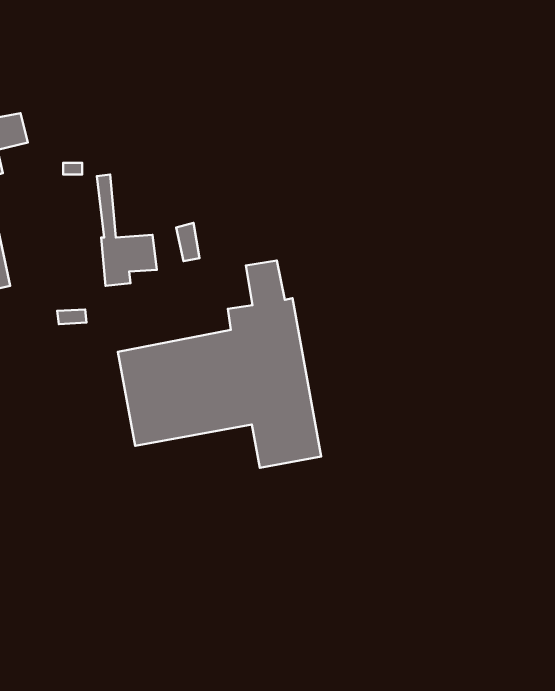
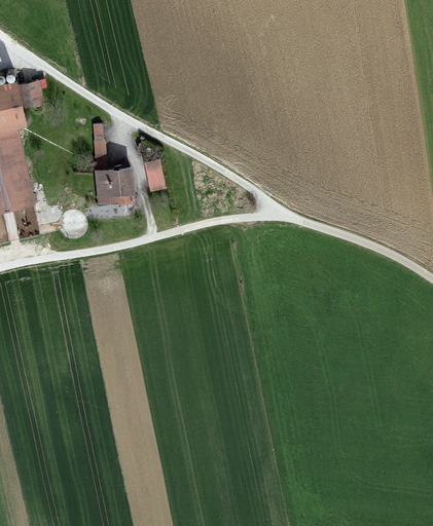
building: [118,261,321,468] -> none

